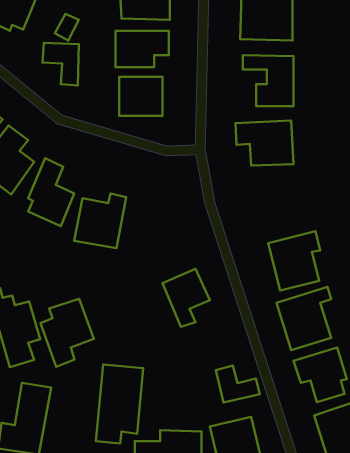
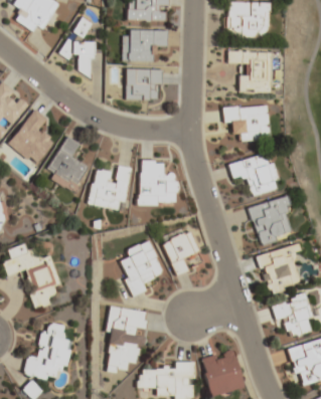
building: none -> [227,152,280,196]
building: none -> [138,160,177,206]
building: [41,299,94,367] -> [119,240,163,296]
building: [216,366,260,403] -> none

